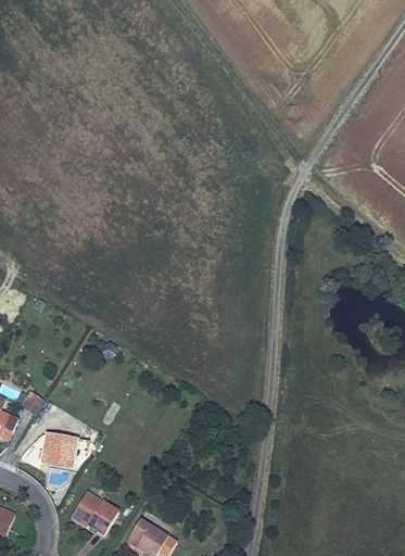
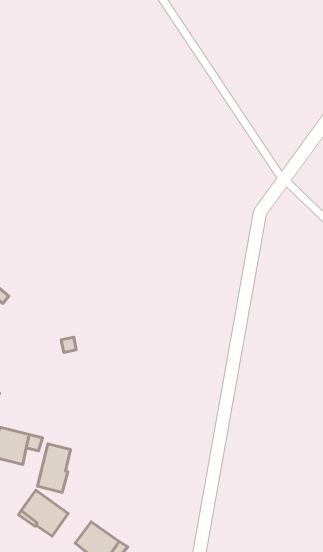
building: none -> [38,444,70,492]

